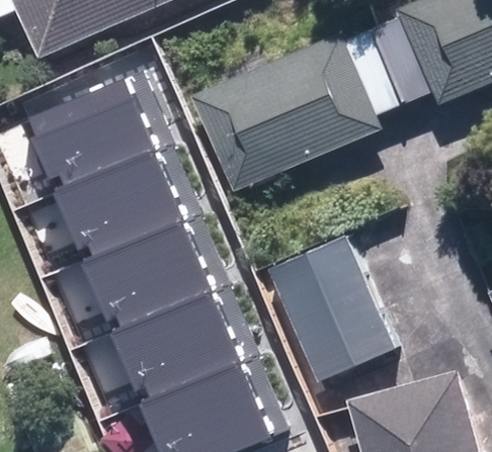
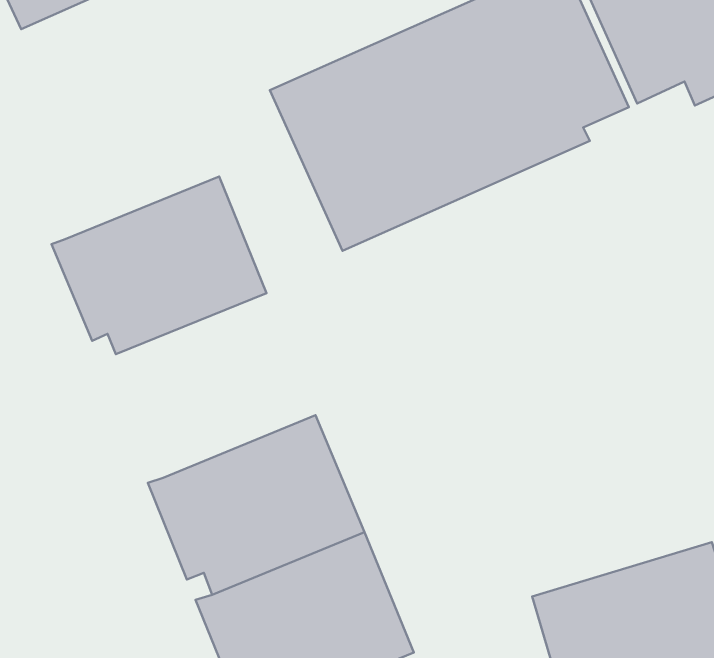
building: [27,79,154,188] -> none
building: [81,220,212,331] -> none
building: [268,238,396,380] -> none

